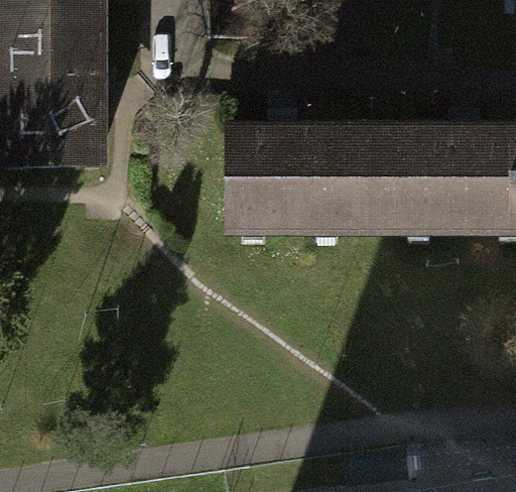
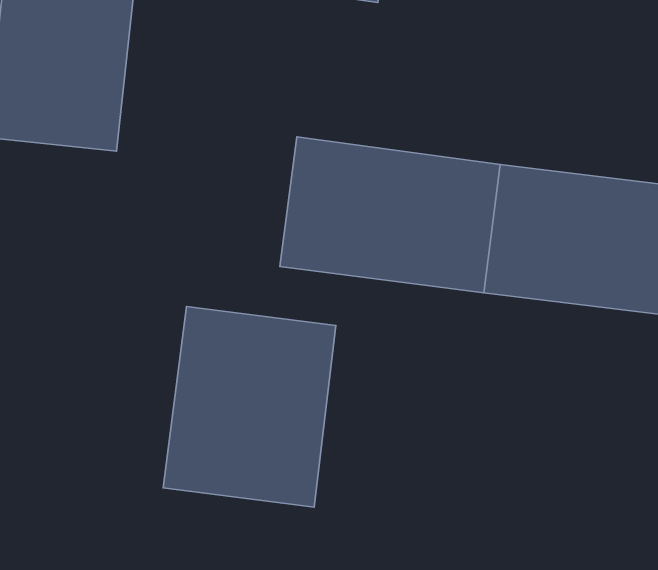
building: none -> [163,306,336,507]

